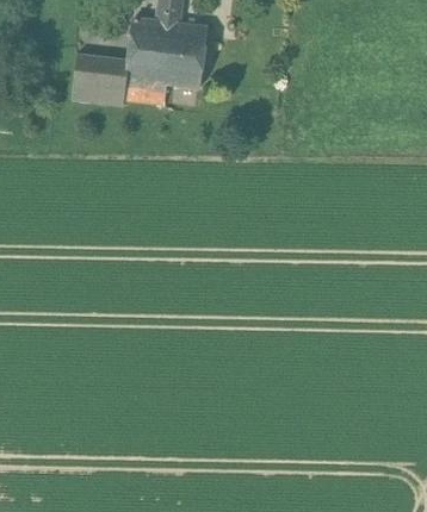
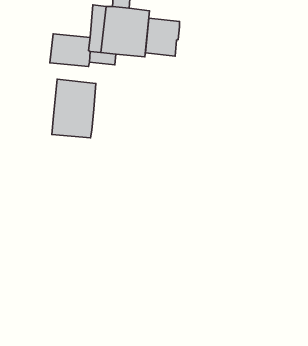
building: none -> [146,18,180,56]
building: none -> [52,79,96,138]

